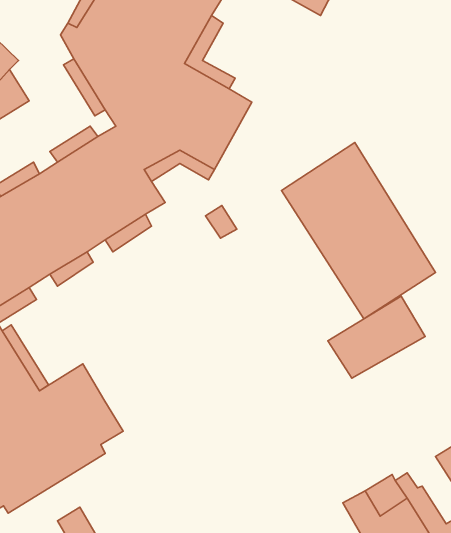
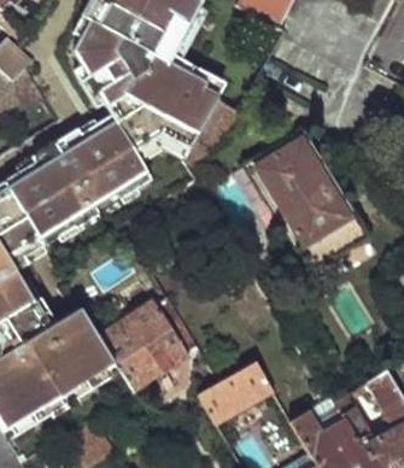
building: [328,296,425,378] -> [199,357,277,423]
building: none -> [101,298,199,387]

